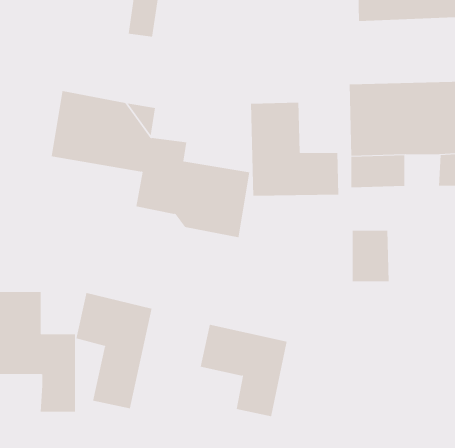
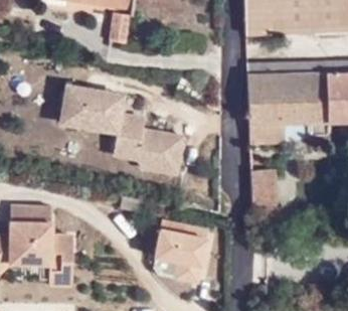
building: [250,102,339,197] -> none
building: [76,292,152,409] -> none

